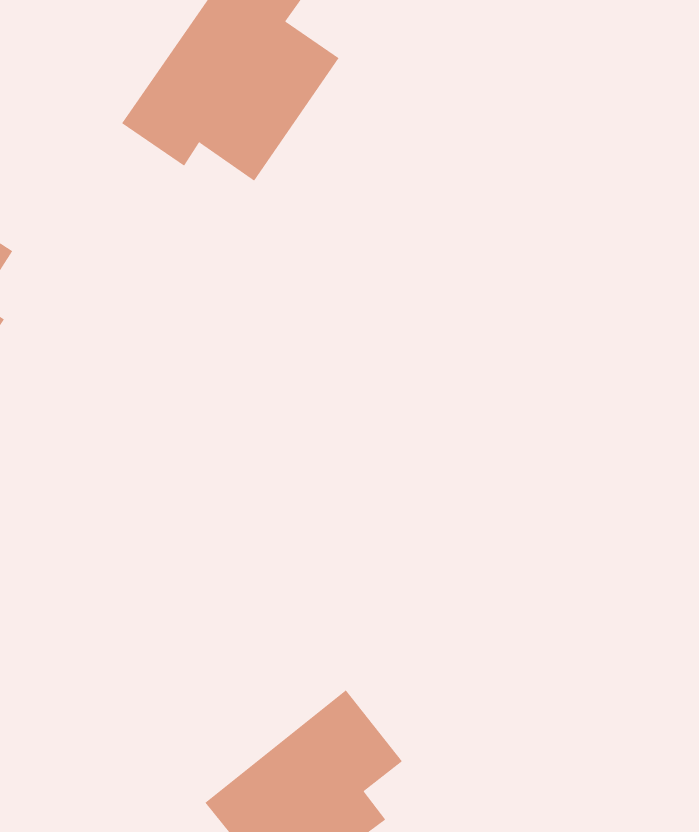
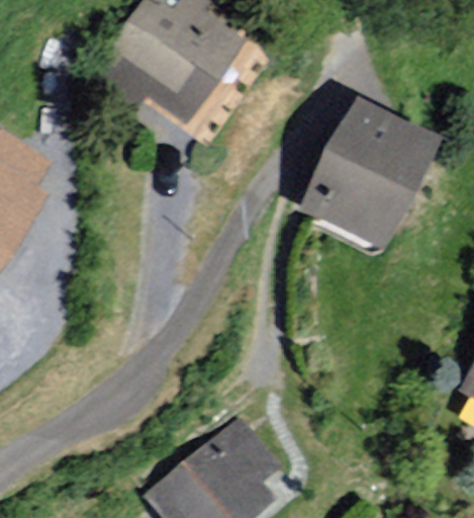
building: none -> [305,100,431,240]

